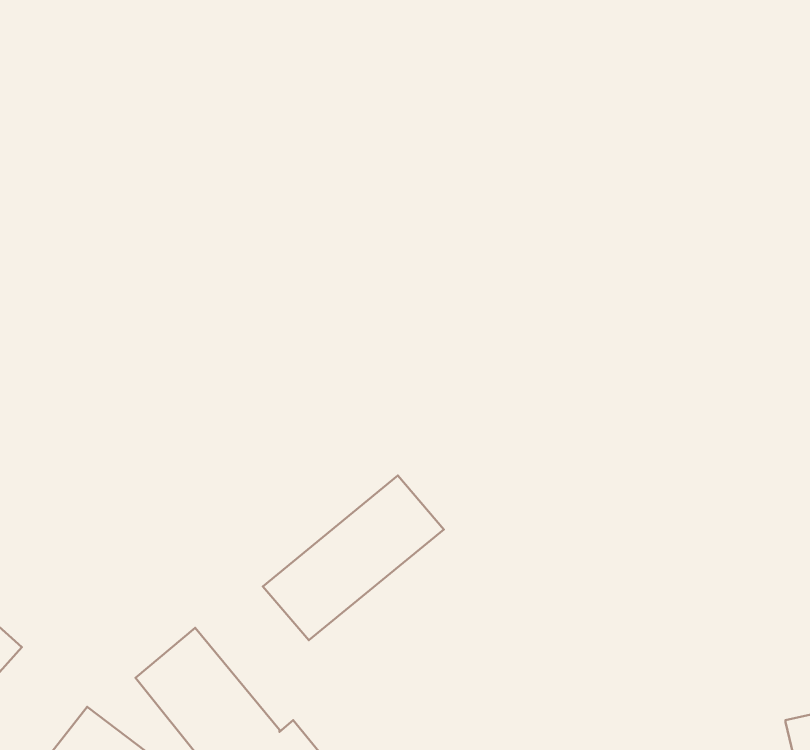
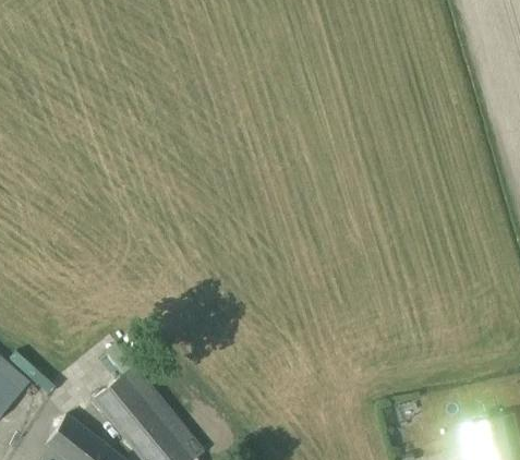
building: [263,476,444,640] -> none

